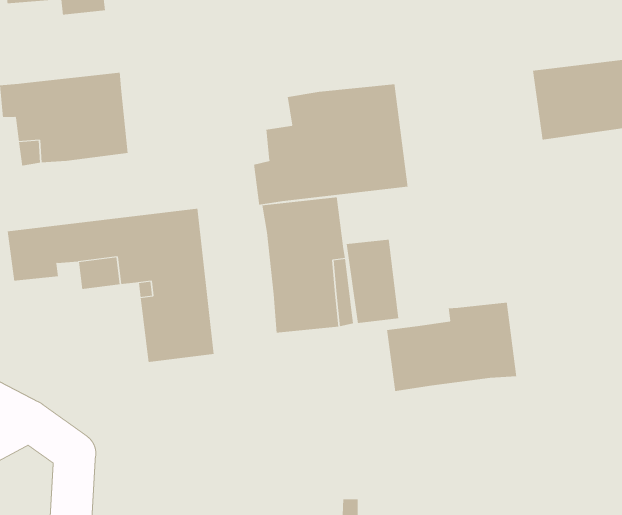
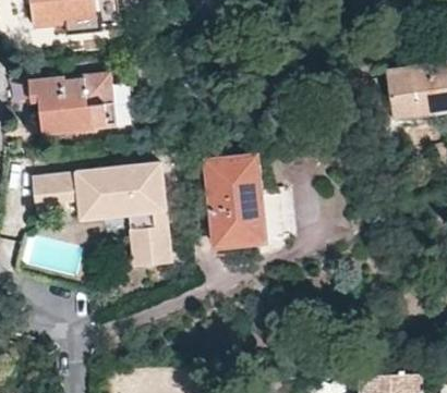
building: [253,84,408,205] -> none
building: [387,302,517,392] -> none

